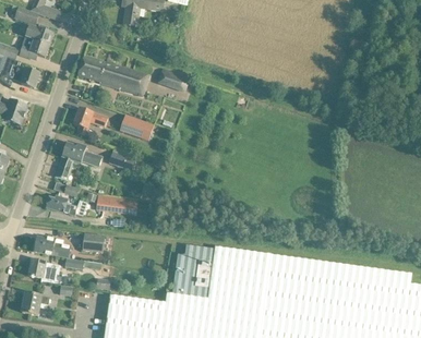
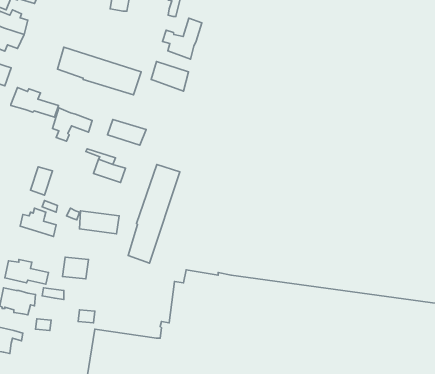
building: none -> [163,18,202,59]
building: [61,142,101,167] -> [11,88,58,117]
building: none -> [128,165,180,263]

